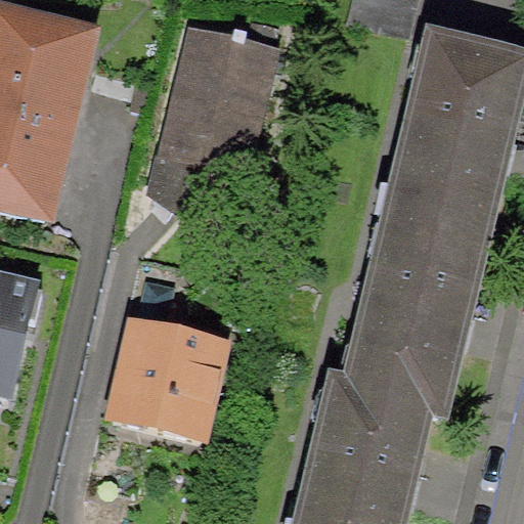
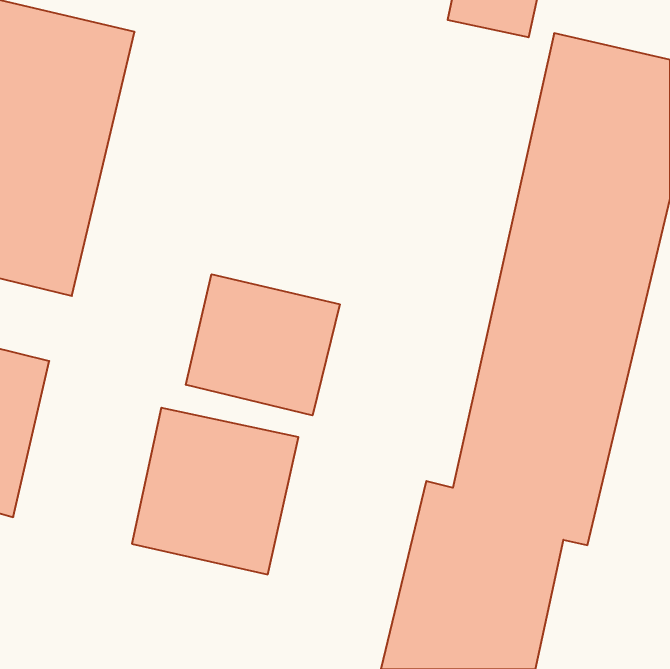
building: [144,19,274,207] -> none
building: none -> [186,274,340,415]

